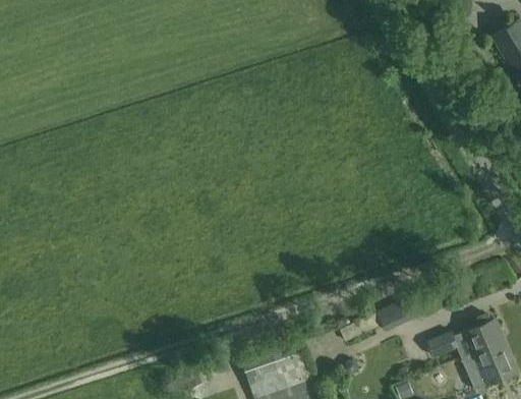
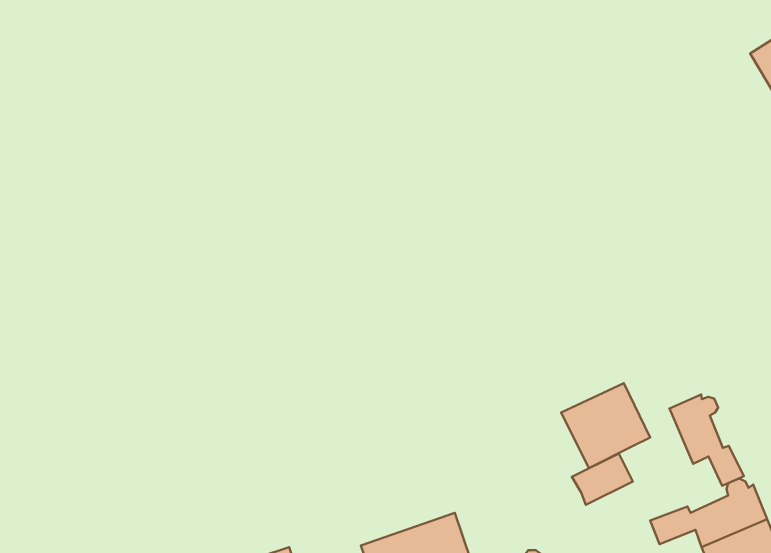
building: none -> [561,383,650,468]
building: none -> [669,394,744,486]

